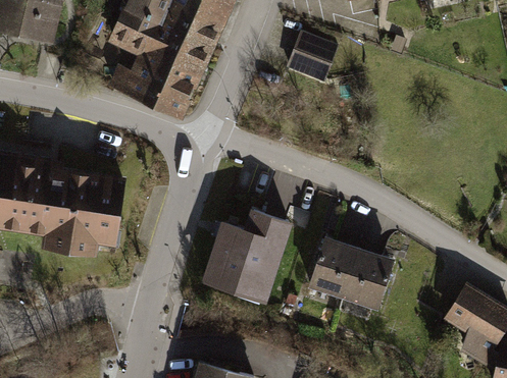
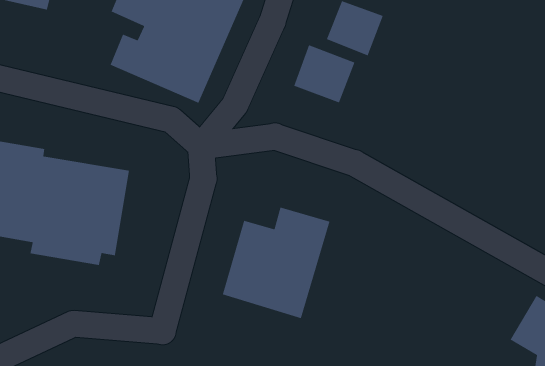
building: none -> [293,44,356,103]
building: [308,235,394,310] -> none

